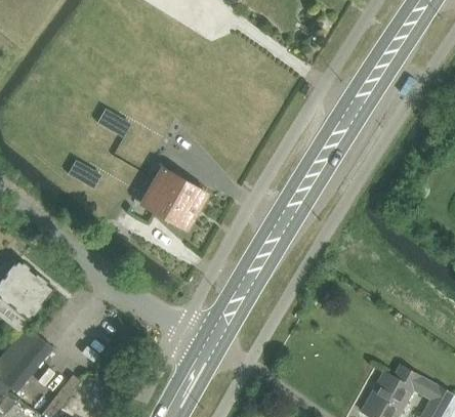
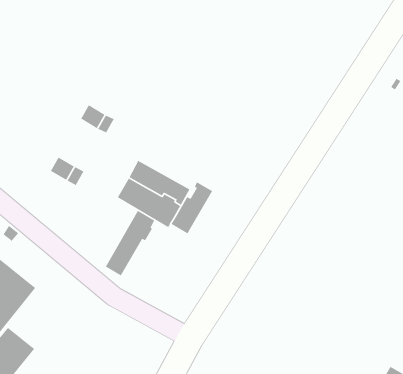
building: none -> [171,181,213,235]
building: none -> [105,210,155,276]

